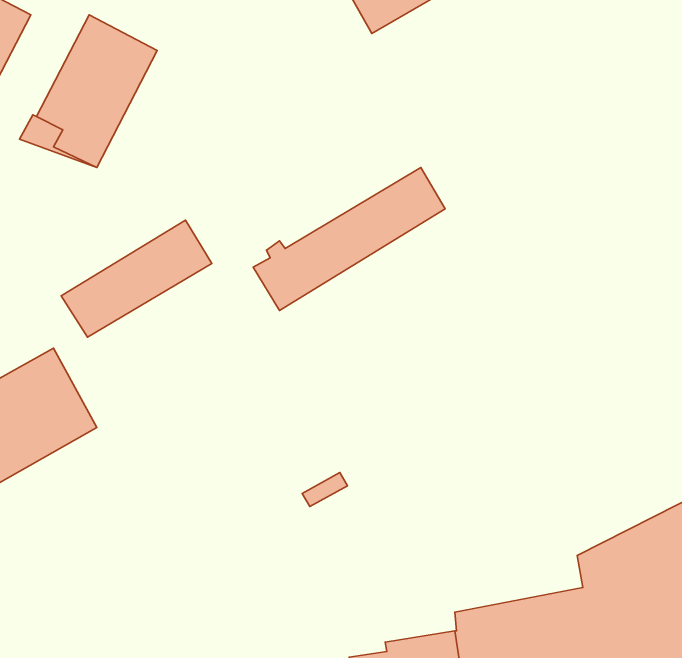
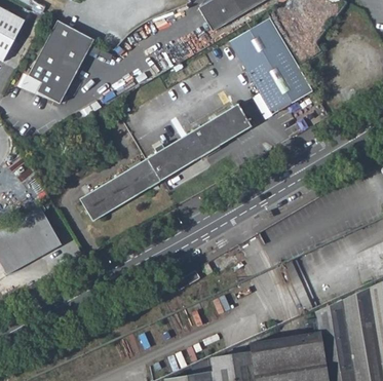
building: none -> [230,16,313,113]
building: [61,220,212,337] -> [79,157,161,221]

